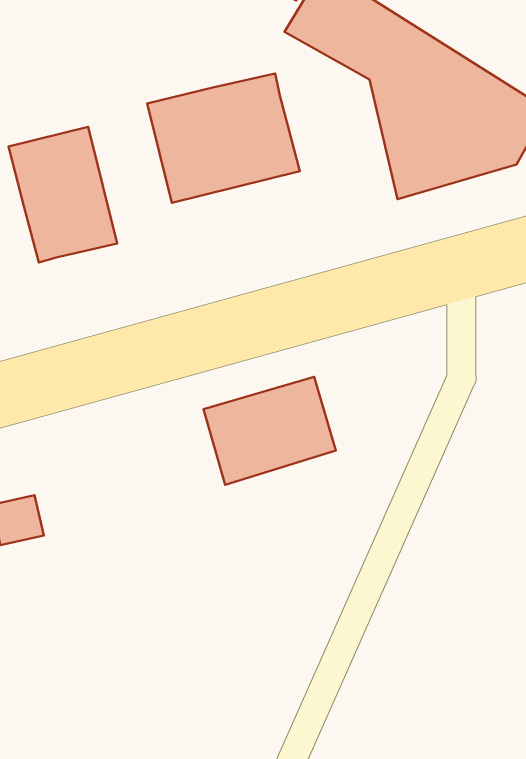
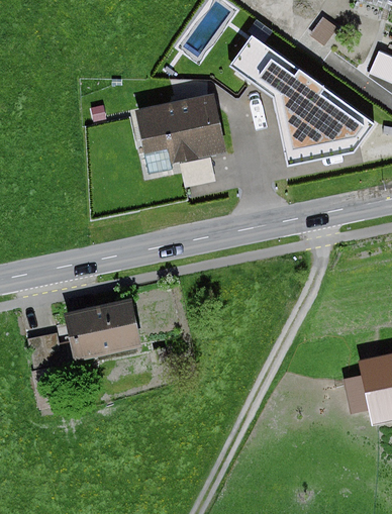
building: [9,127,117,262] -> none
building: [203,377,336,485] -> [67,296,143,356]

